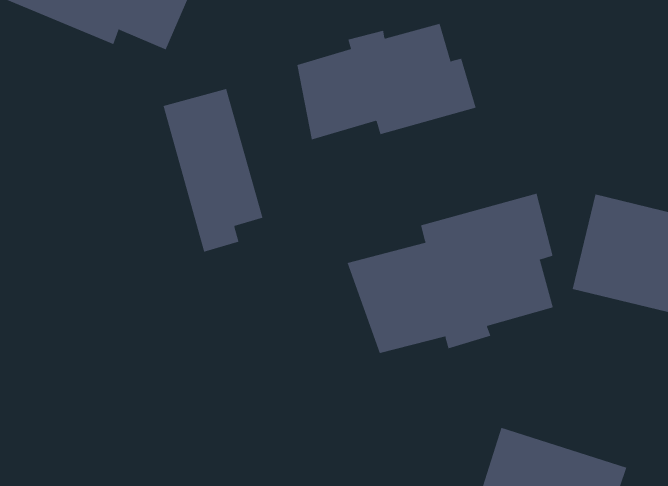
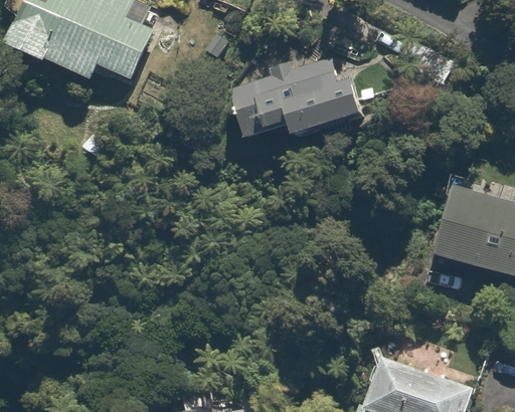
building: [163,88,263,253] -> none
building: [347,193,553,354] -> none

